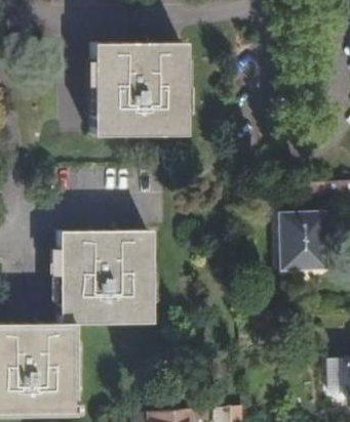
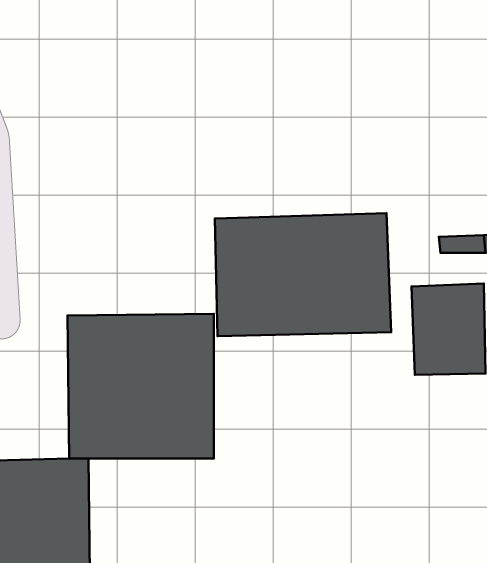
building: [96,43,189,135] -> none
building: none -> [215,213,391,336]

